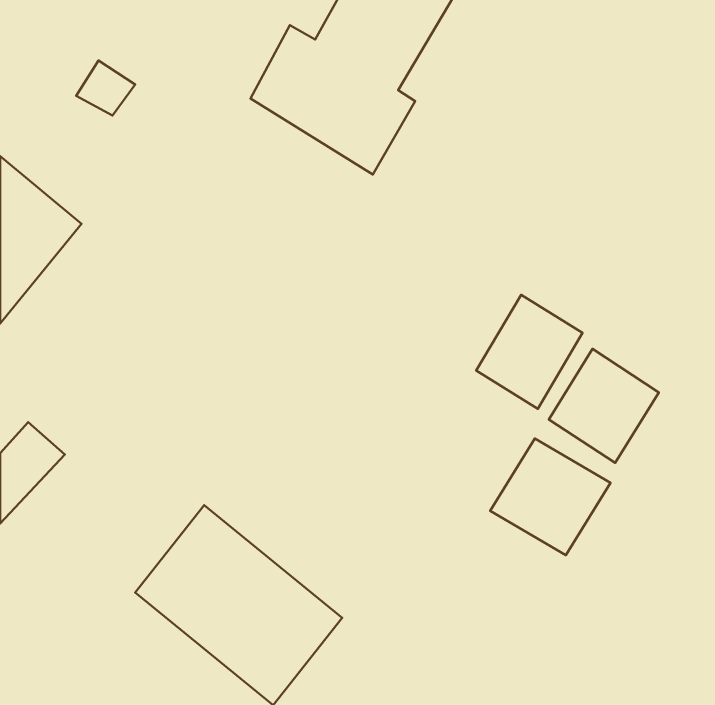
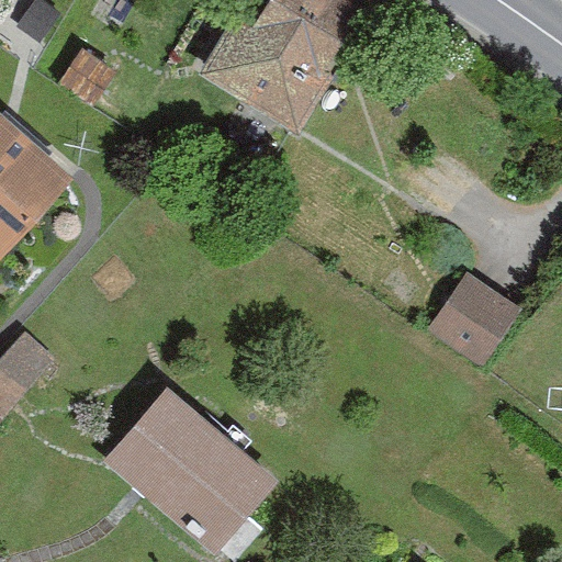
building: [476,295,583,409] -> none
building: [490,438,611,555] -> none

